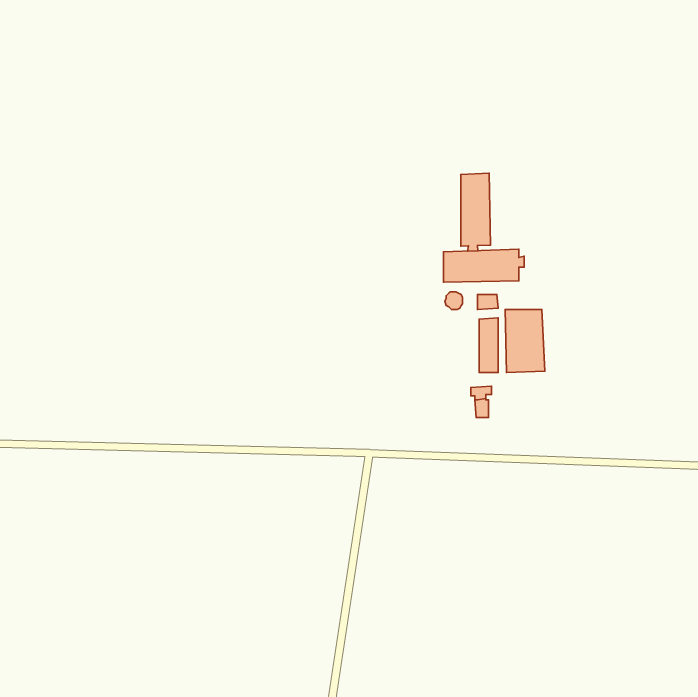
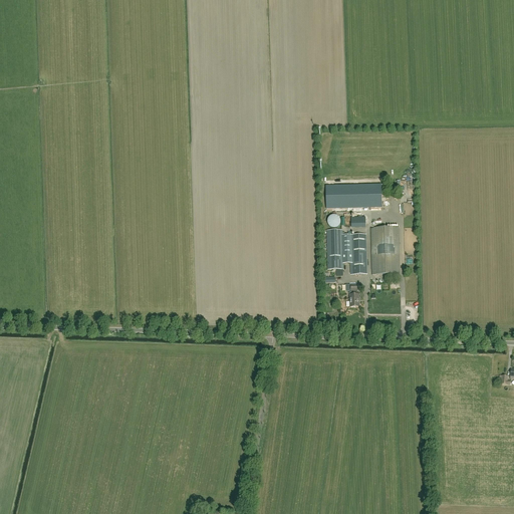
building: [461,173,491,251] -> none
building: none -> [326,229,351,274]

